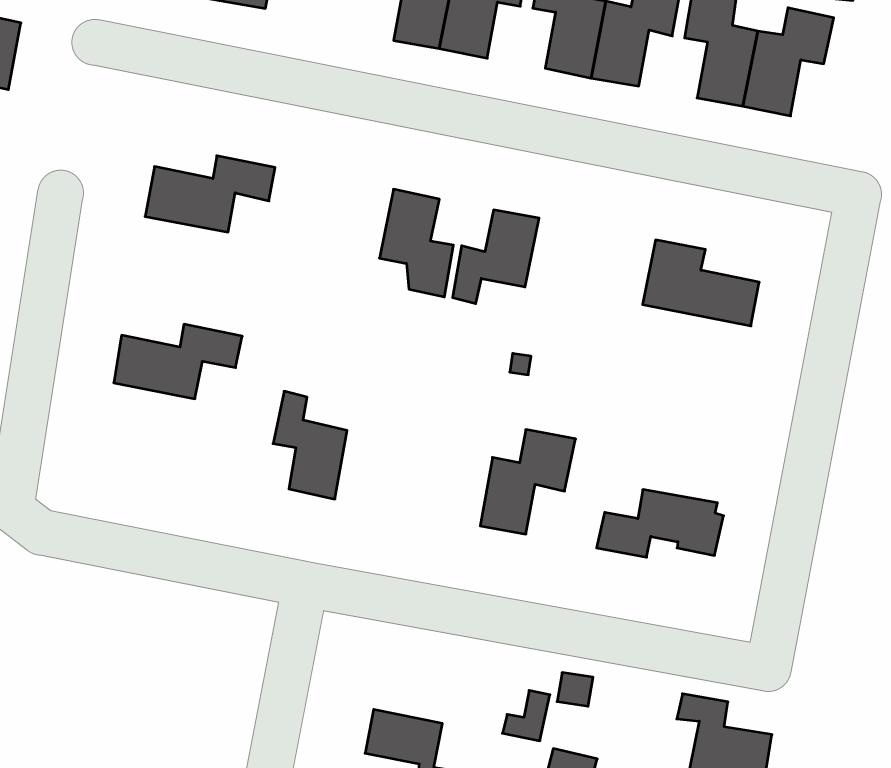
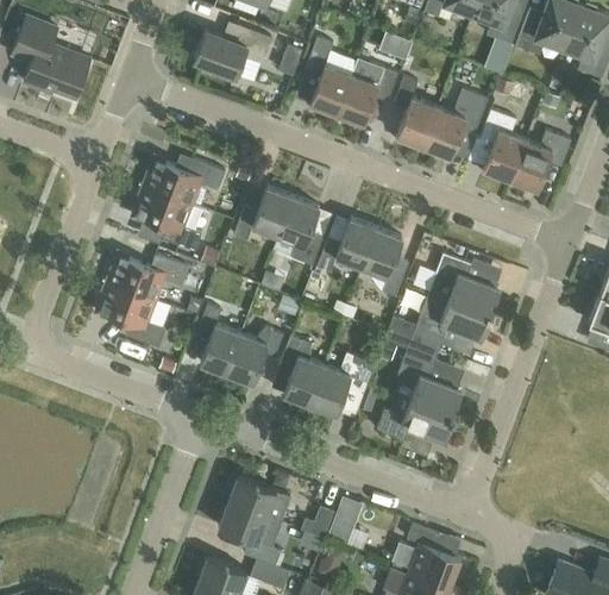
building: none -> [234,187,294,240]
building: none -> [133,187,202,251]
building: none -> [362,228,407,296]
building: none -> [412,290,491,350]
building: none -> [98,282,170,347]
building: none -> [227,327,274,383]
building: none -> [397,356,462,415]
building: none -> [280,337,325,405]
building: none -> [228,477,290,522]

